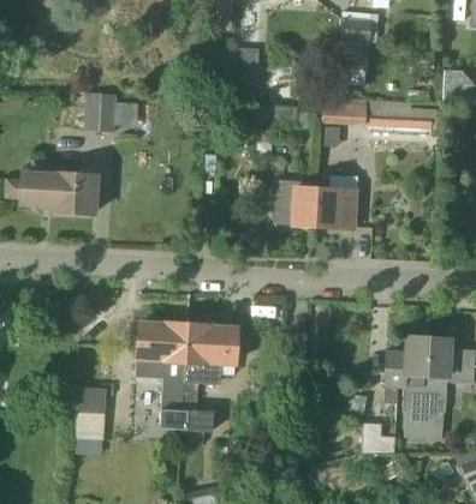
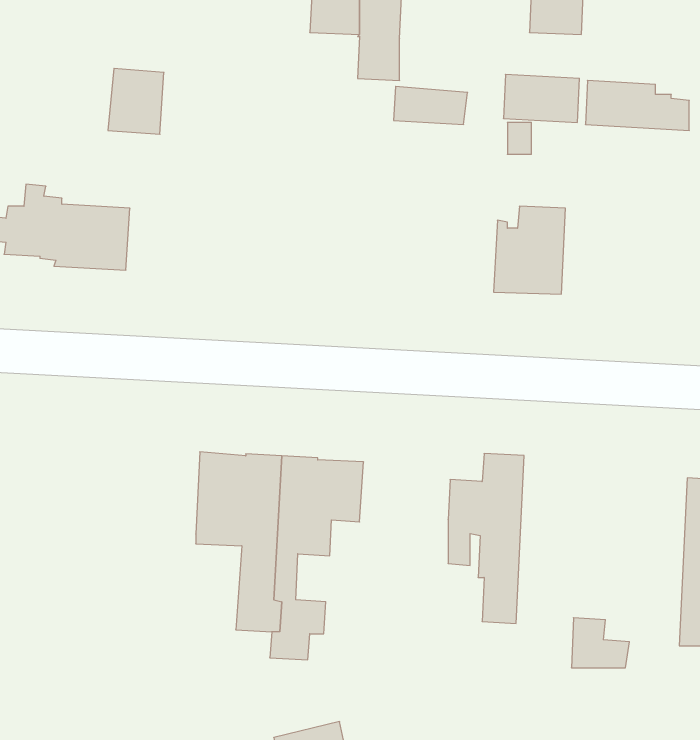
building: [274,180,317,226] -> none
building: [386,336,432,438] -> [448,454,524,623]
building: [77,388,105,436] -> none

